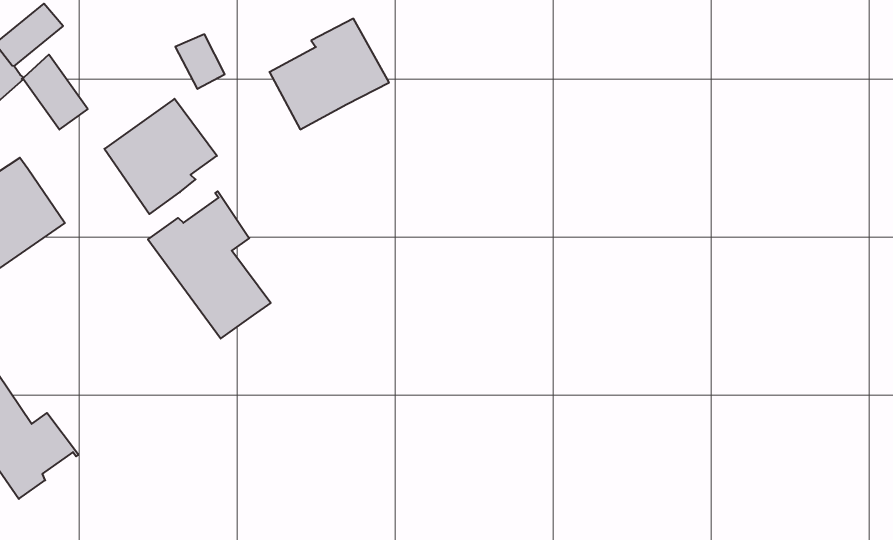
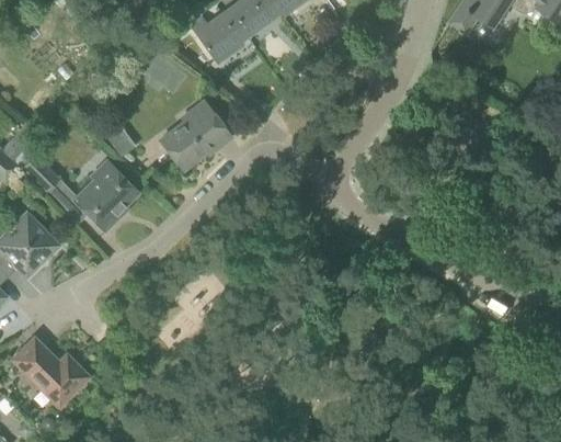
building: [148,191,271,339] -> none

